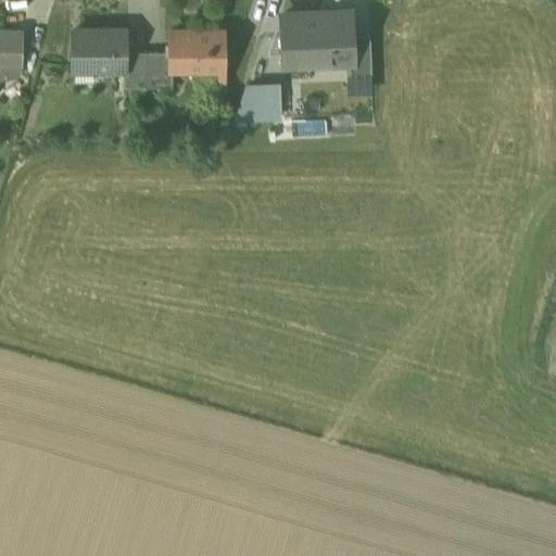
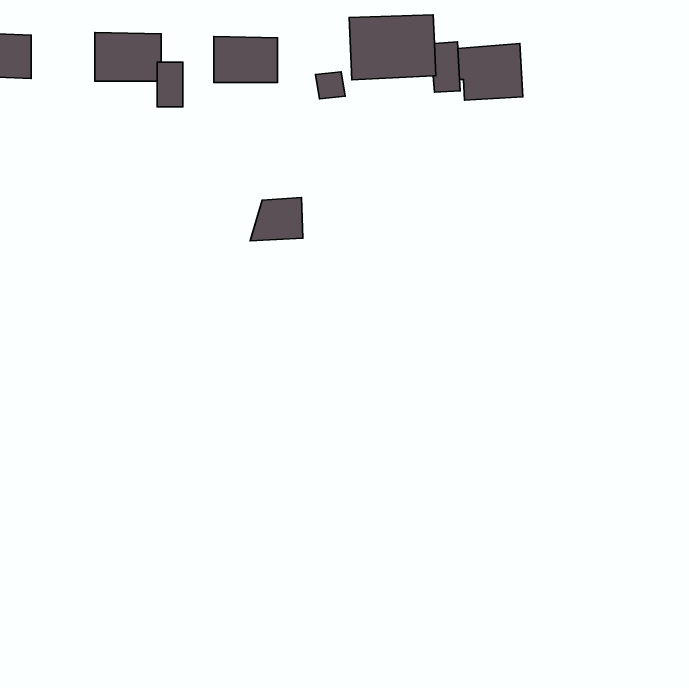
building: none -> [458,44,523,100]
building: [147,53,174,89] -> none
building: [235,87,277,122] -> [250,198,303,241]

